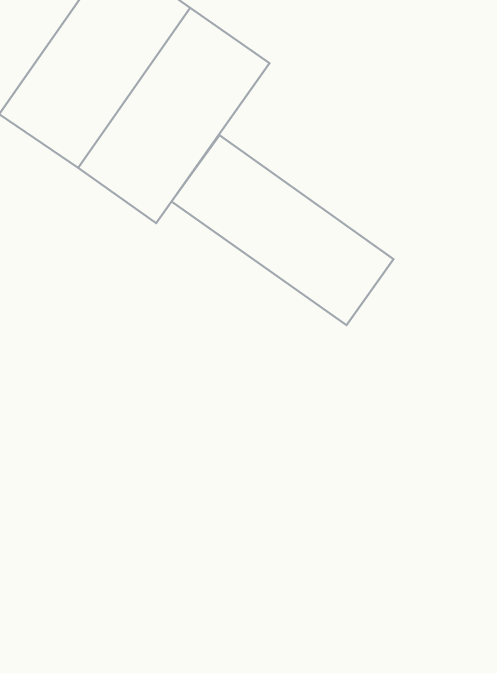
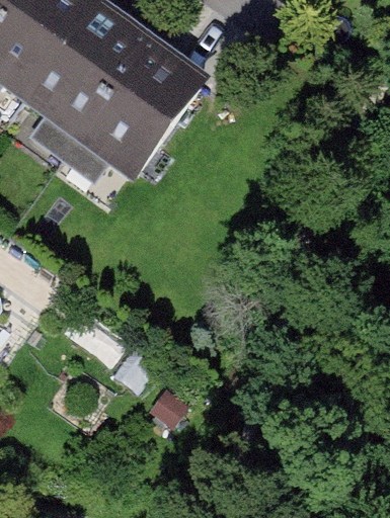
building: [172,135,393,325] -> none

